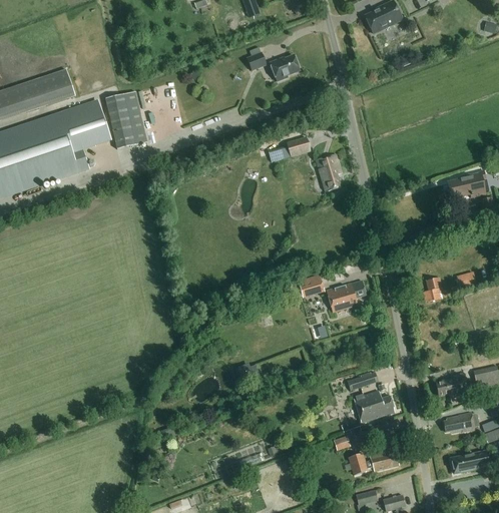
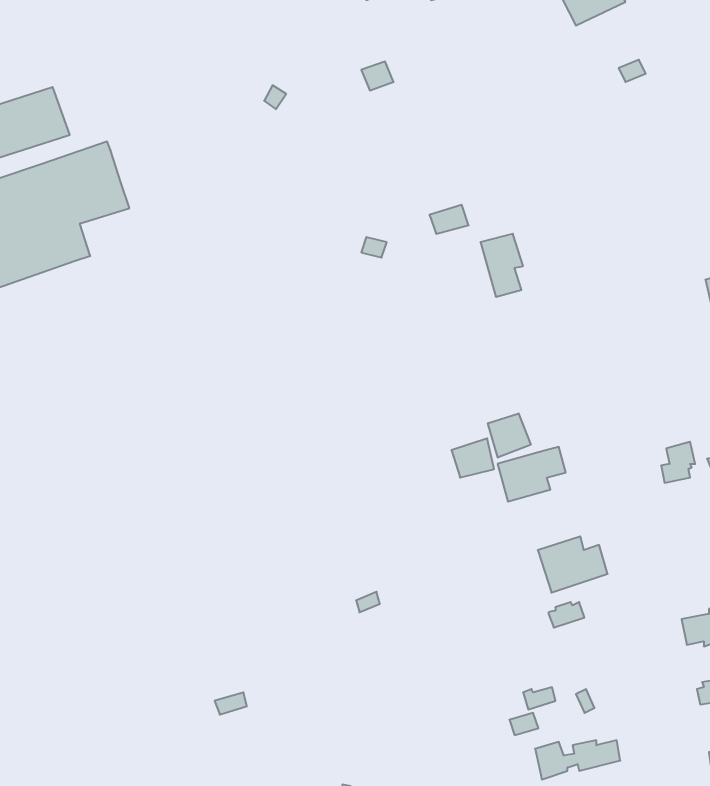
building: [270,55,300,81] -> none
building: [105,91,147,148] -> none
building: none -> [488,413,531,458]
building: [354,390,395,423] -> [538,536,608,593]

